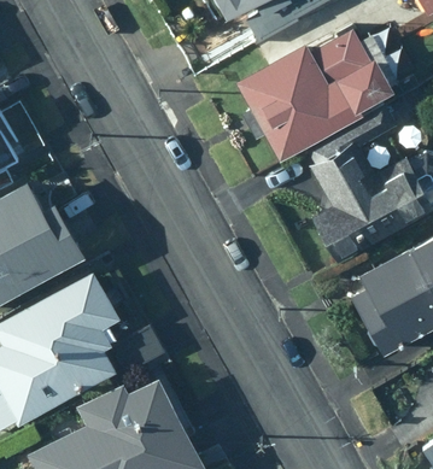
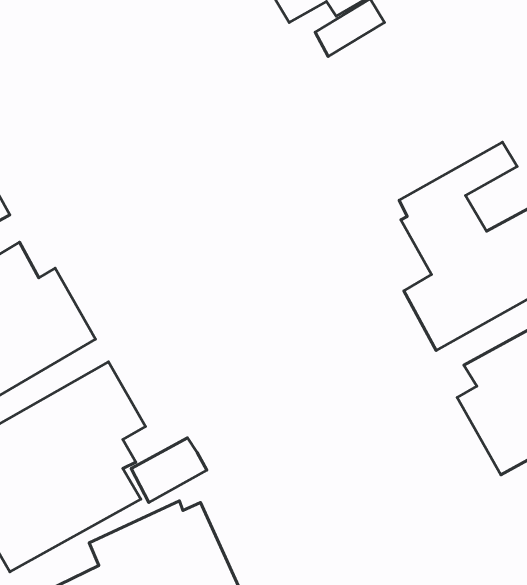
building: [235,28,398,163] -> none

